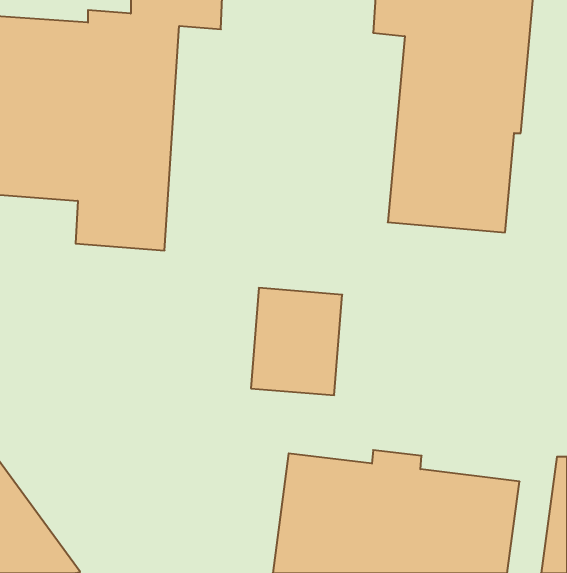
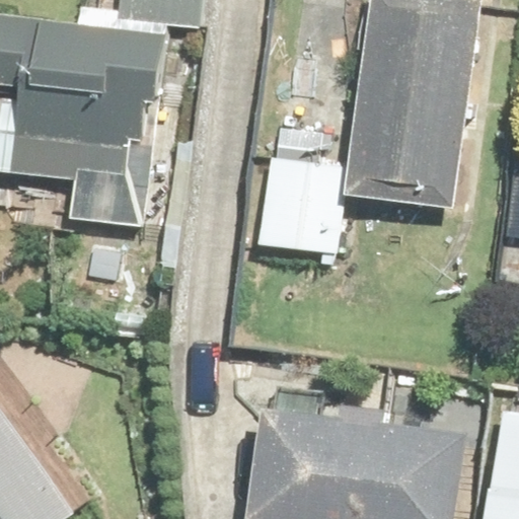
building: [251,288,342,395] -> [261,157,343,253]

